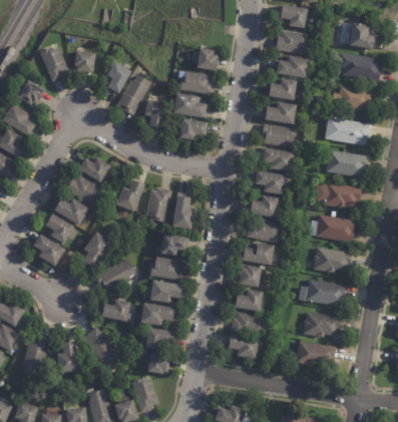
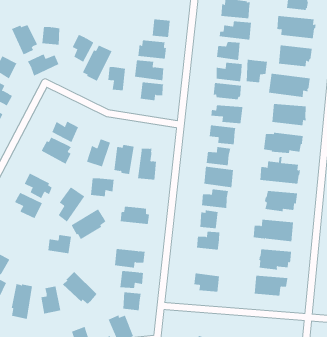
building: none -> [27,54,59,77]
building: none -> [246,59,268,83]
building: [53,198,88,226] -> none
building: [160,235,188,257] -> [90,178,114,197]
building: [149,281,181,304] -> none
building: [101,300,129,322] -> [48,235,72,254]
building: [230,312,265,336] -> none

